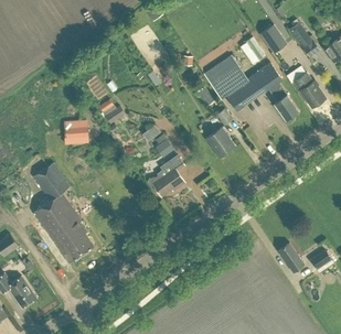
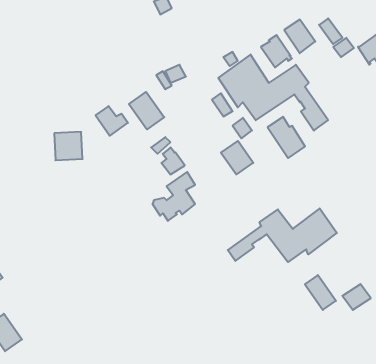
building: [294,73,326,108] -> [268,117,305,158]
building: none -> [129,92,164,129]
building: [33,162,94,262] -> none
building: none -> [228,208,337,262]

